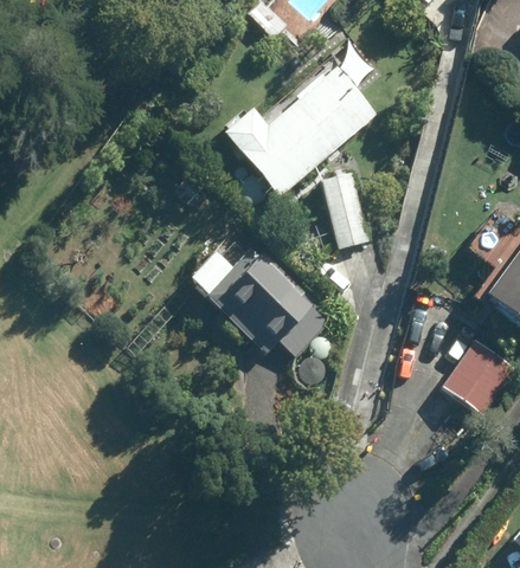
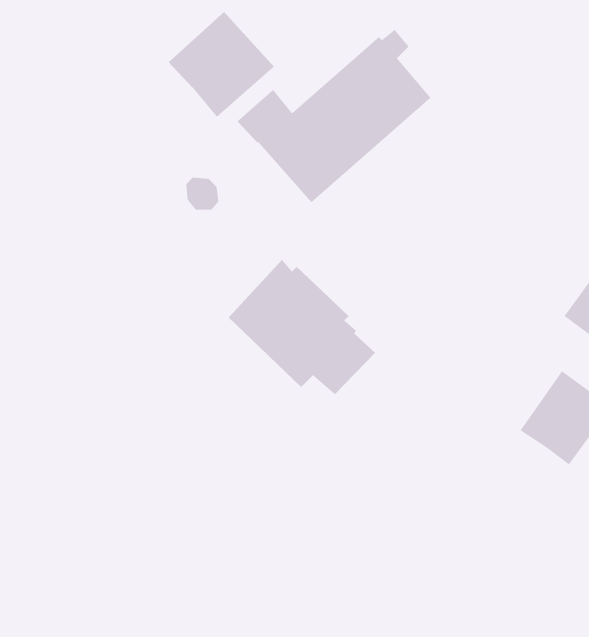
building: none -> [168,11,275,118]
building: [319,172,371,248] -> none

